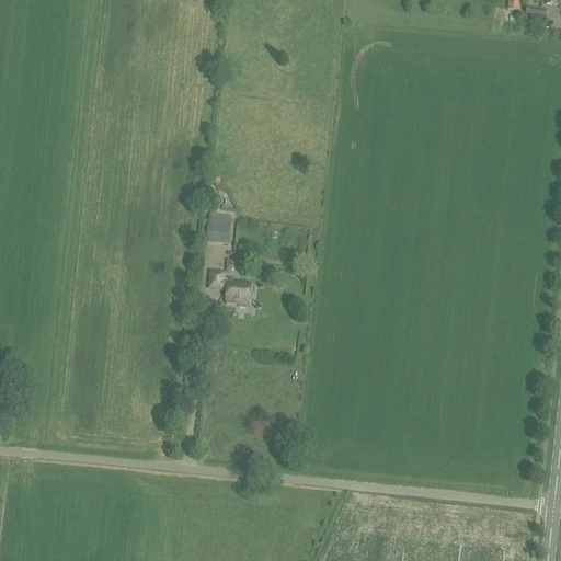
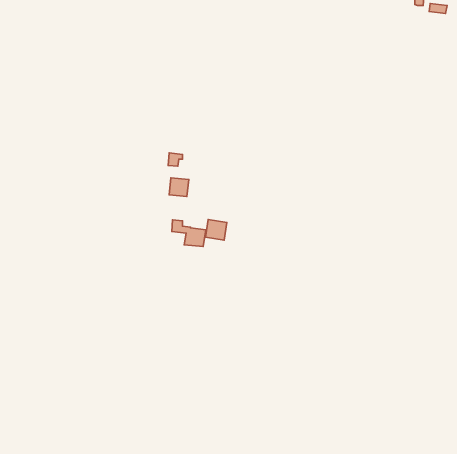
building: none -> [205,220,227,240]

